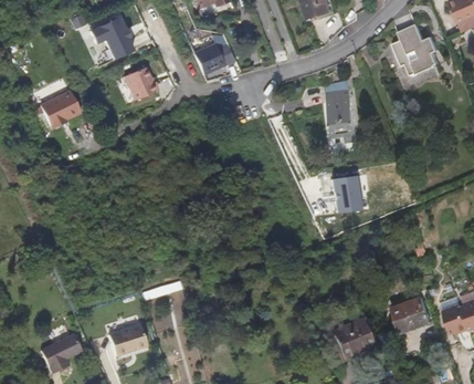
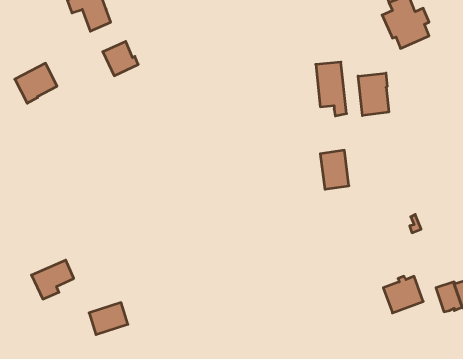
building: [193,41,224,72] -> none
building: none -> [358,73,389,116]
building: [333,319,373,356] -> none
building: [42,334,83,372] -> [31,260,74,299]

